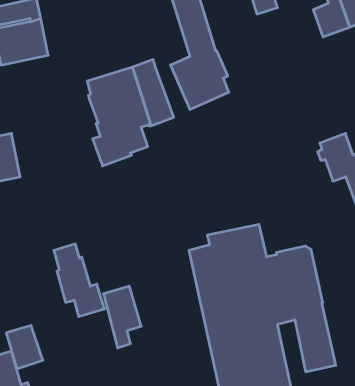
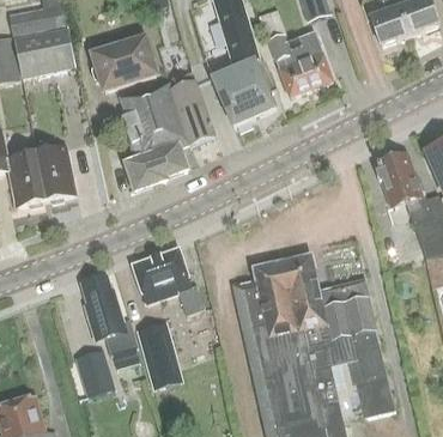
building: none -> [268,26,332,97]
building: none -> [90,38,157,90]
building: none -> [35,146,75,201]
building: none -> [133,249,204,315]
building: [6,325,43,369] -> [74,348,115,396]

